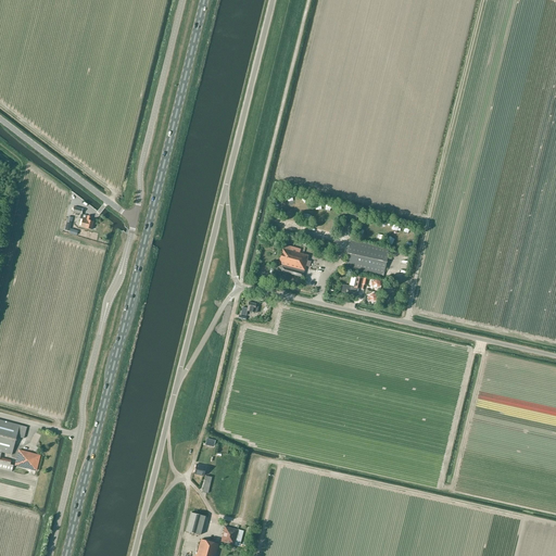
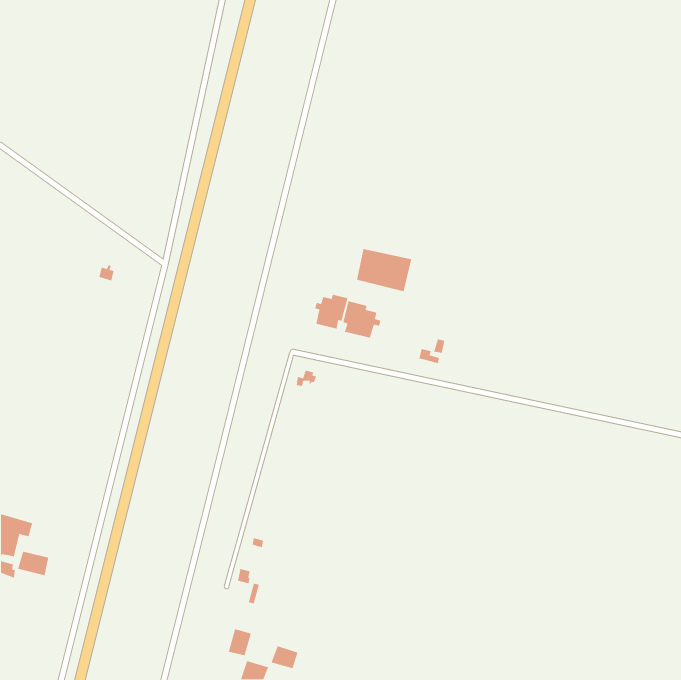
building: [344,239,390,275] -> [356,248,412,292]
building: none -> [314,294,348,330]

